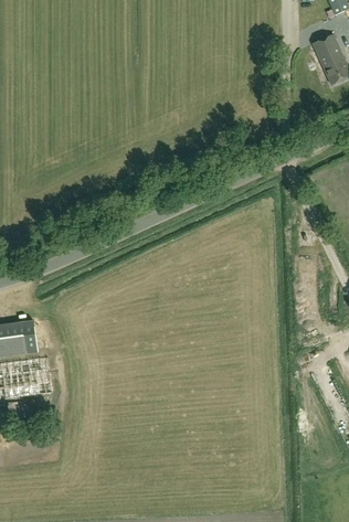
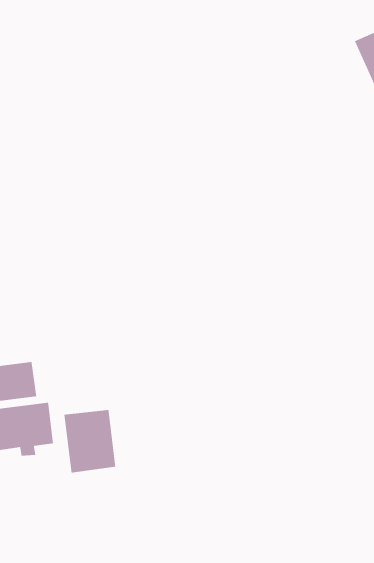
building: none -> [64,409,116,474]

